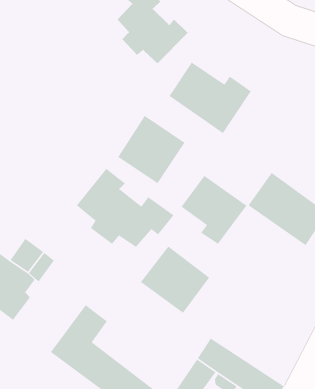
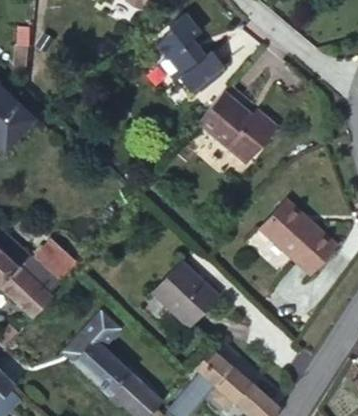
building: [117,115,186,184] -> none
building: [76,168,174,248] -> none
building: [180,175,247,245] -> none

